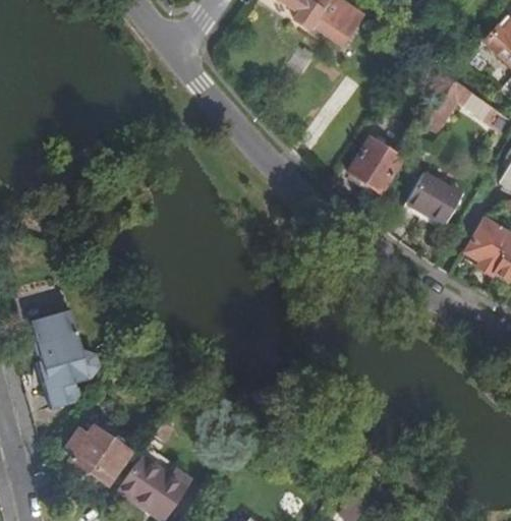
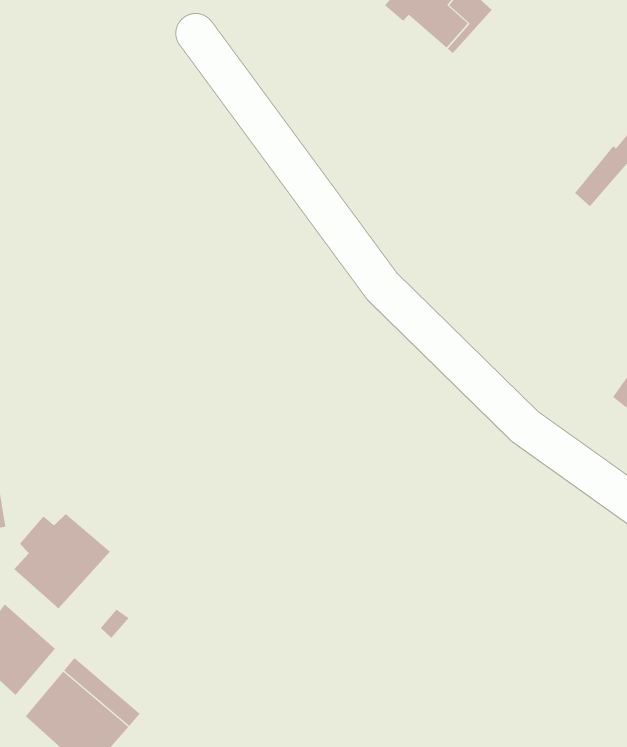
building: [348,137,402,191] -> none
building: [404,167,461,223] -> none
building: none -> [13,513,111,609]

